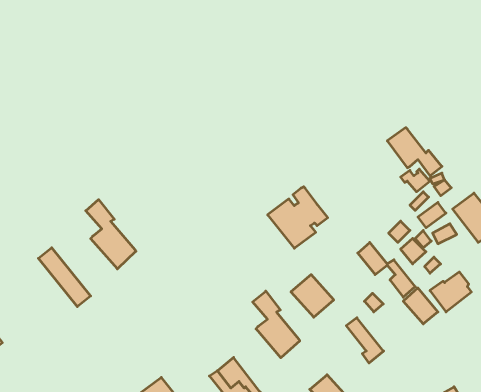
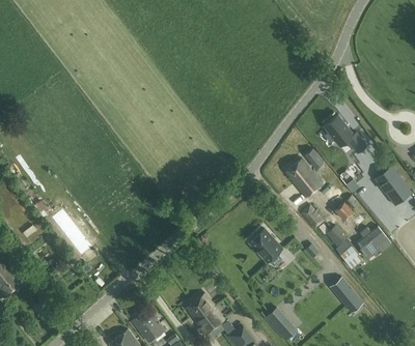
building: [268,187,328,248] -> [284,149,331,197]
building: [86,200,136,269] -> none
building: [253,291,300,358] -> none
building: [346,318,384,363] -> [332,278,361,313]

